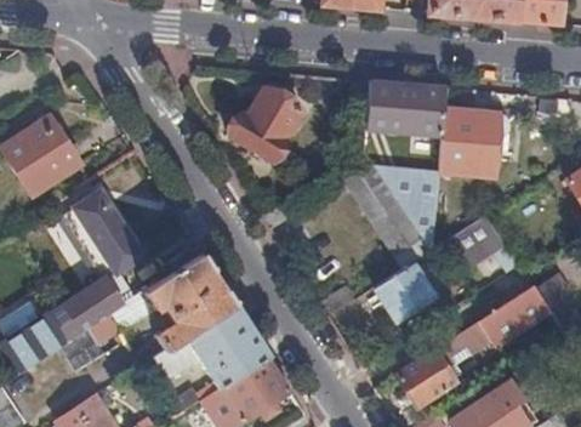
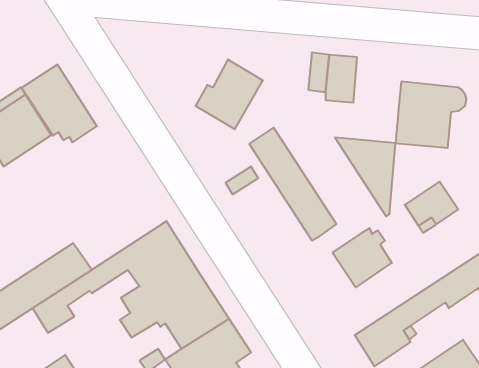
building: [395,84,448,135] -> none
building: [338,149,429,267] -> [249,128,336,240]
building: [62,193,141,274] -> [21,65,97,142]

